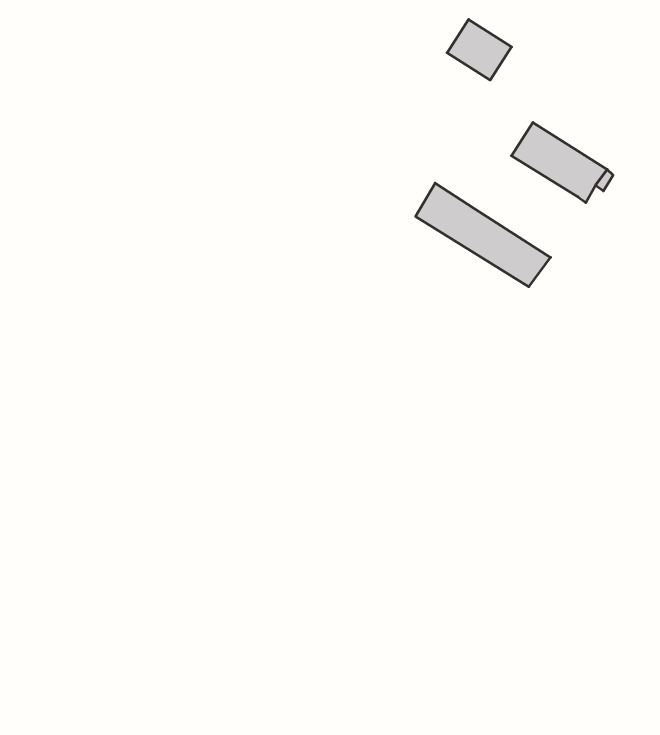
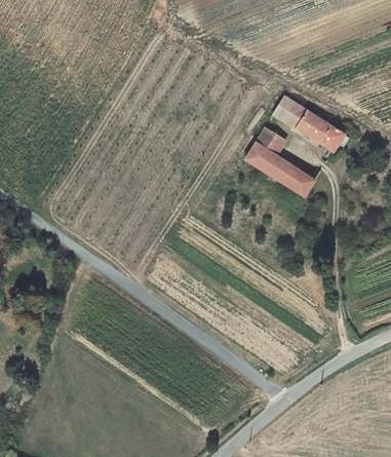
building: [447,19,512,80] -> [273,97,307,128]
building: none -> [256,129,285,156]

